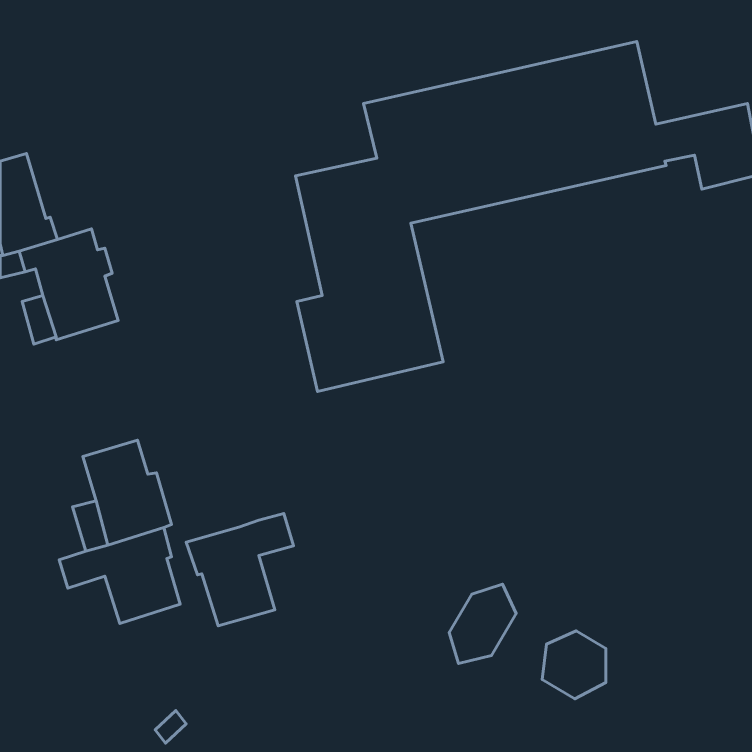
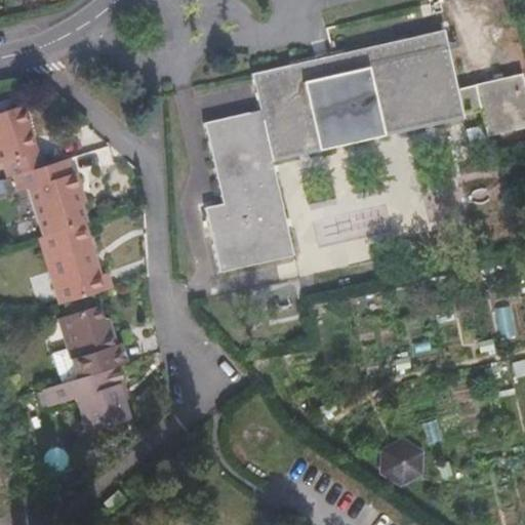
building: none -> [38,221,114,305]
building: [186,514,293,626] -> none
building: [449,584,516,664] -> none

